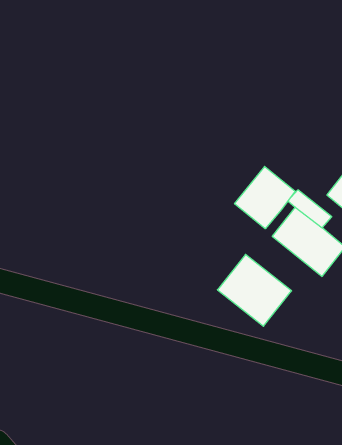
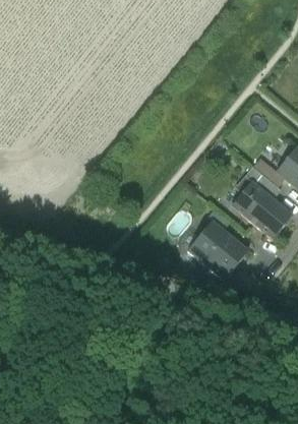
building: [235,166,295,229] -> none

